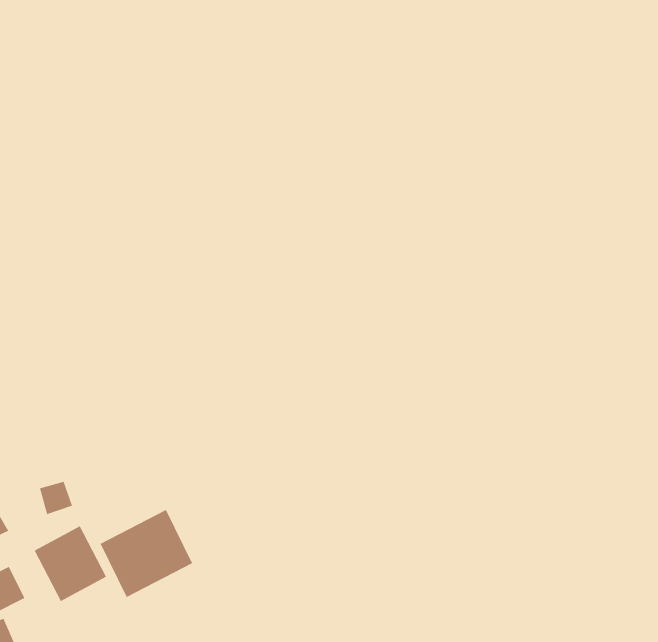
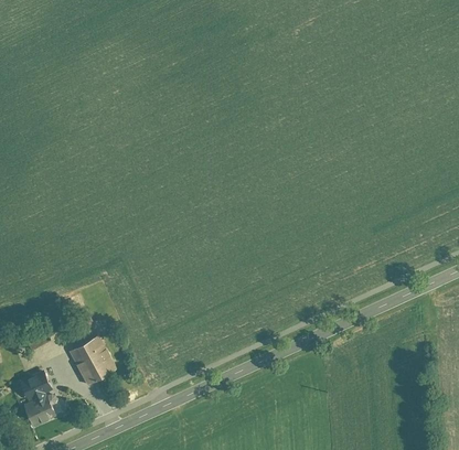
building: [100,509,193,598] -> none

